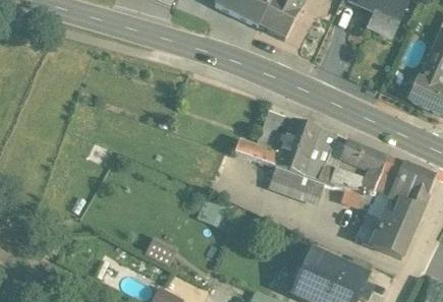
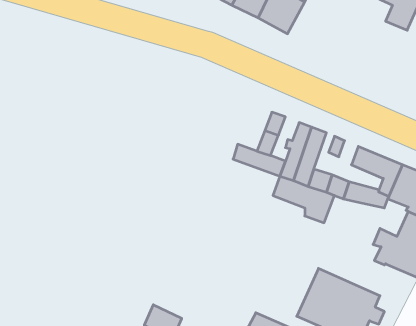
building: [342,187,391,221] -> none

